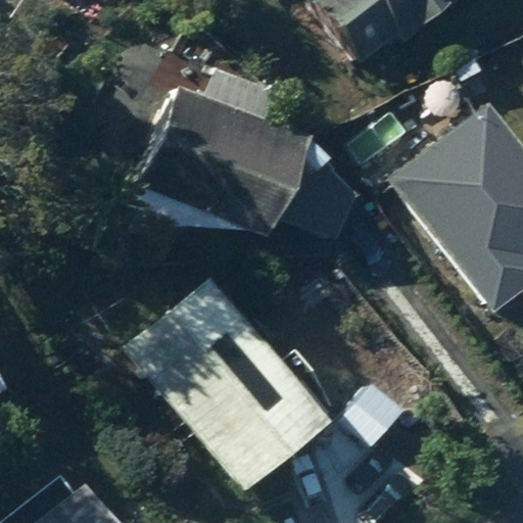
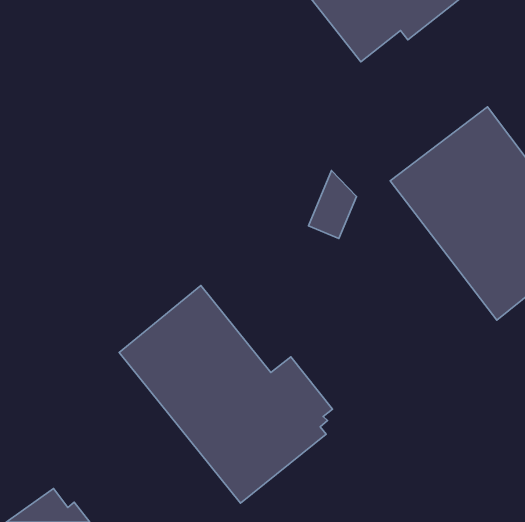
building: [122,67,328,236] -> none

